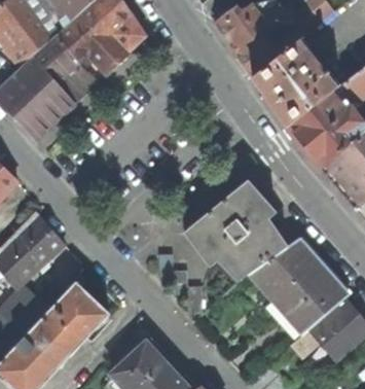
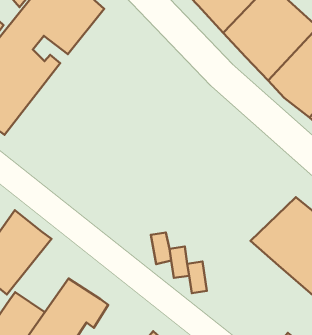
building: [184,180,287,281] -> none

